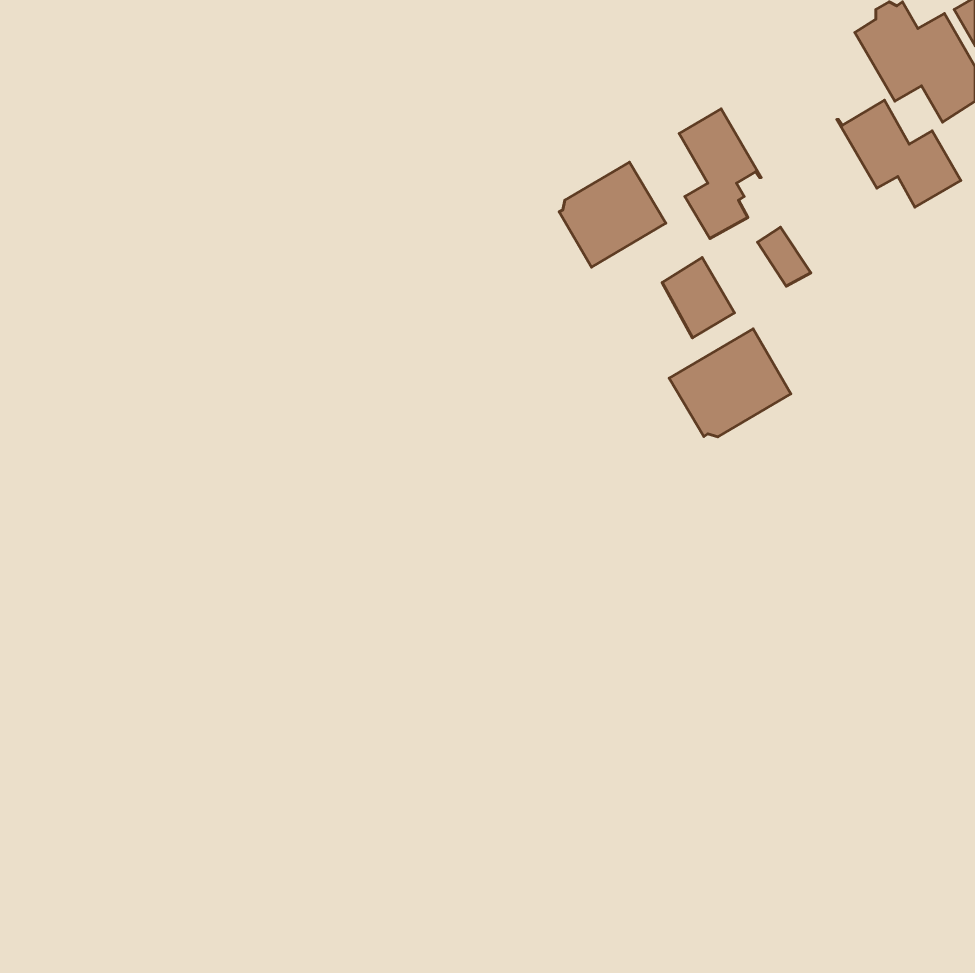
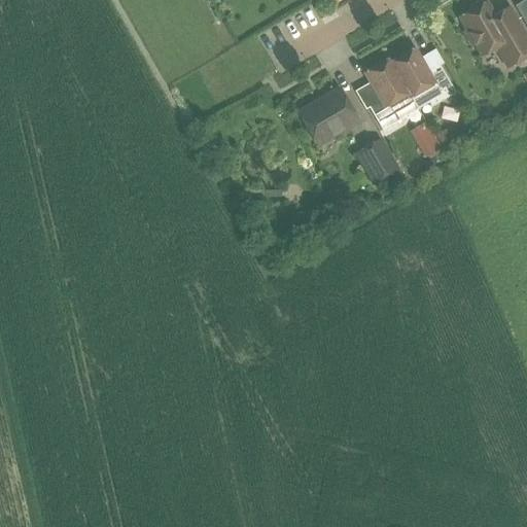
building: [837,100,961,207] -> [389,48,456,106]
building: [669,329,791,437] -> none

